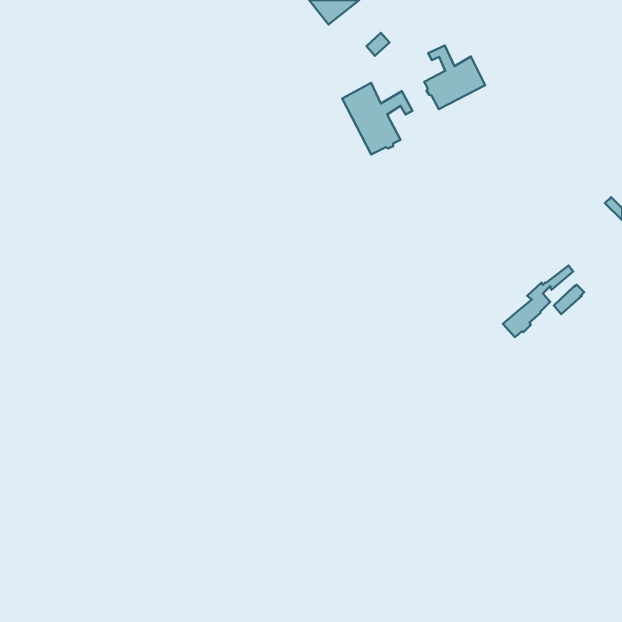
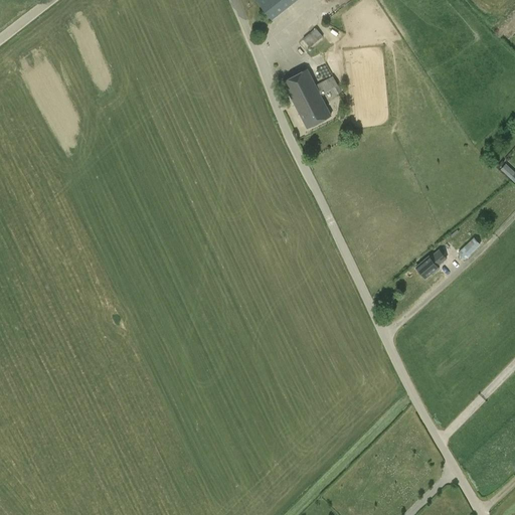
building: [424,45,485,109] -> none

